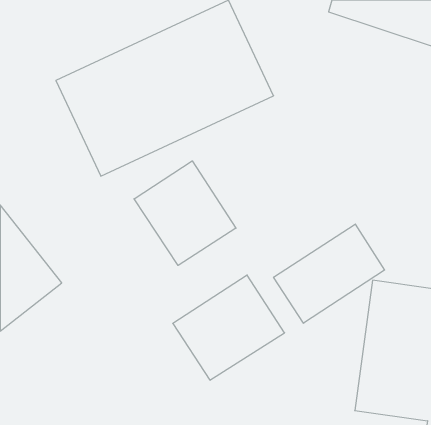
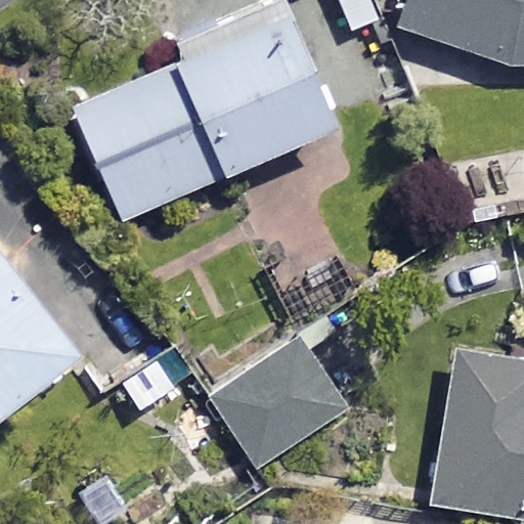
building: [134,161,236,265] -> none
building: [274,224,385,323] -> none

